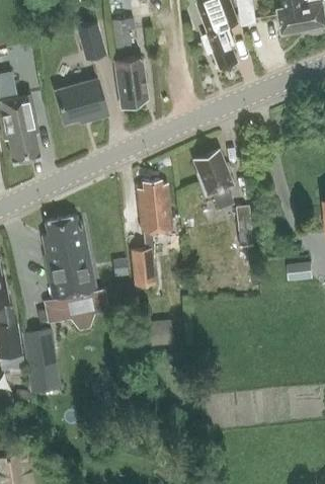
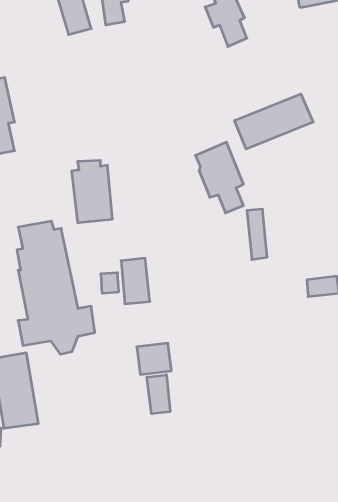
building: [117,59,150,109] -> none
building: [54,77,107,123] -> none
building: none -> [235,94,313,149]
building: [137,179,171,232] -> [72,160,112,223]
building: none -> [147,375,170,414]

